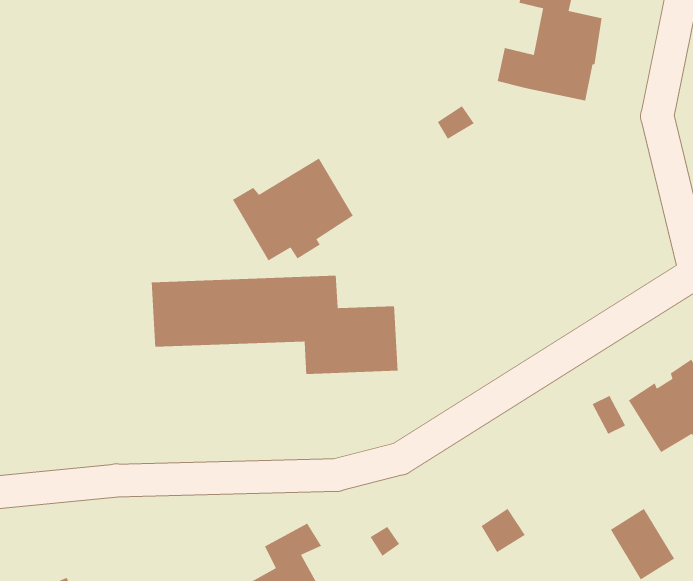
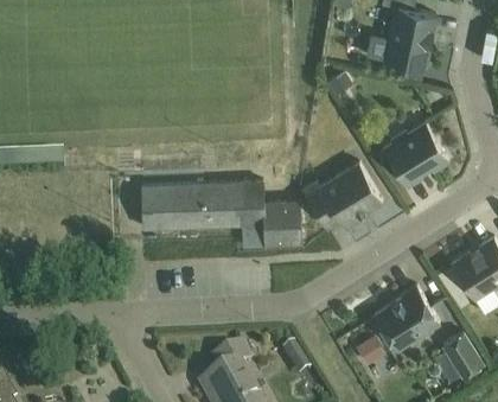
building: [232,158,354,261] -> [302,162,382,230]
building: none -> [384,122,448,185]
building: none -> [374,286,439,350]

